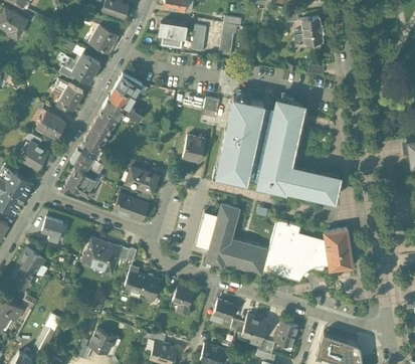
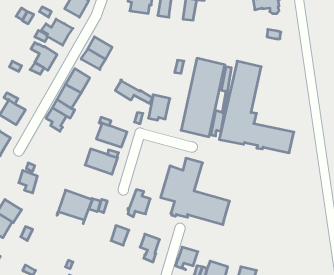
building: [102,98,143,123] -> [115,80,152,103]
building: [38,113,66,139] -> none
building: [66,170,96,200] -> none
building: [263,221,353,283] -> none
building: [123,267,147,297] -> [128,190,150,217]

